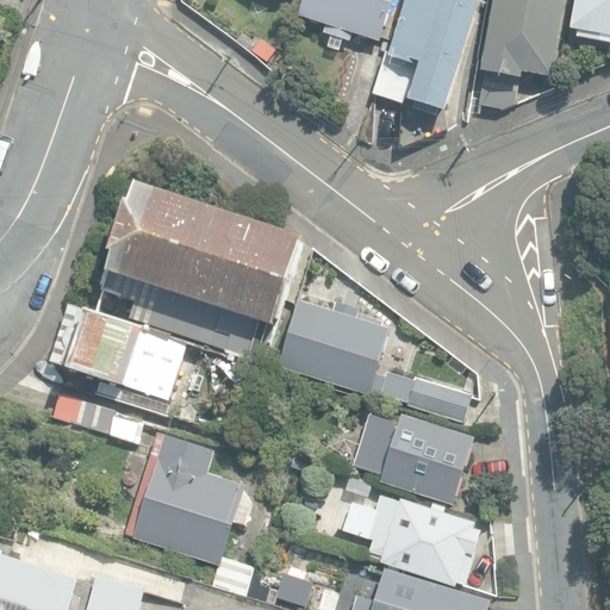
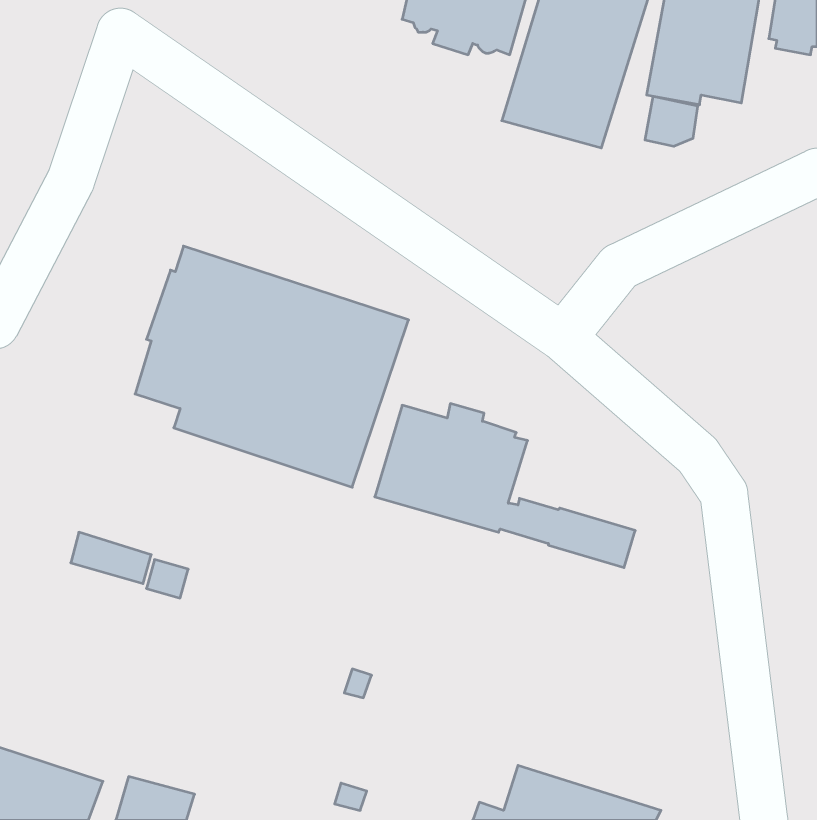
building: [50,301,204,416] -> none
building: [348,411,472,506] -> none
building: [124,432,254,596] -> none
building: [341,494,479,585] -> none

